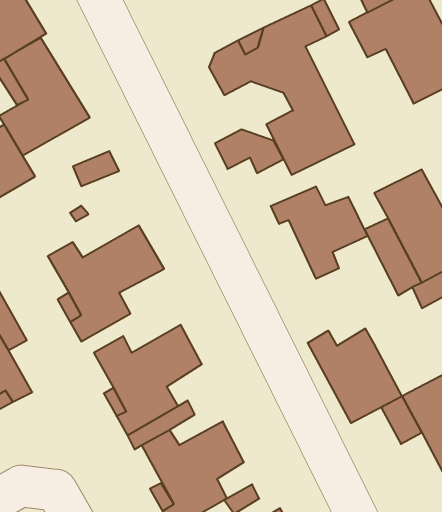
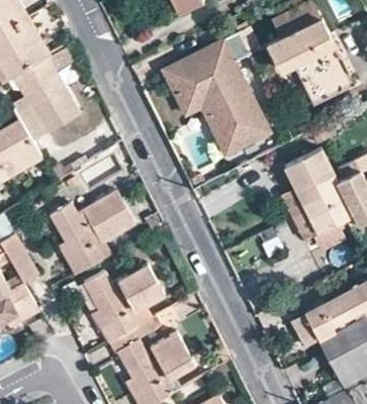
building: [215,130,284,173] -> [177,87,226,118]
building: [271,186,368,279] -> none
building: [308,328,402,423] -> none

